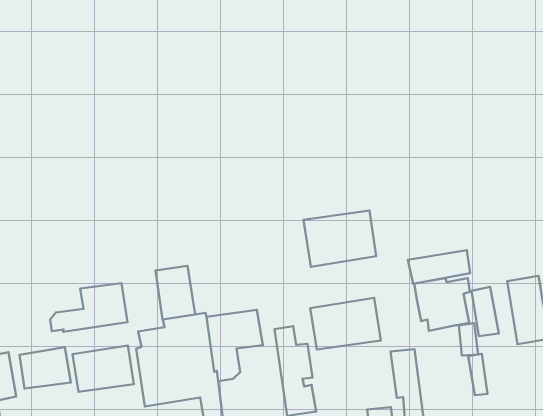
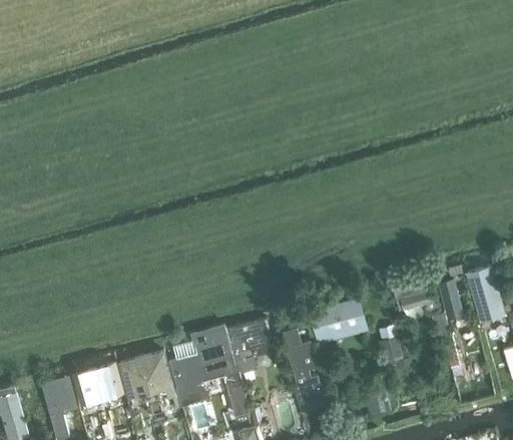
building: [304,210,376,267] -> none
building: [408,250,470,284] -> none
building: [156,266,195,319] -> none
building: [50,283,127,332] -> none

